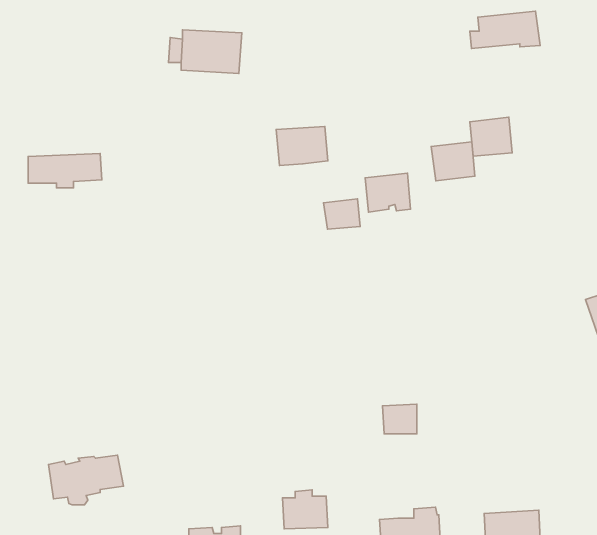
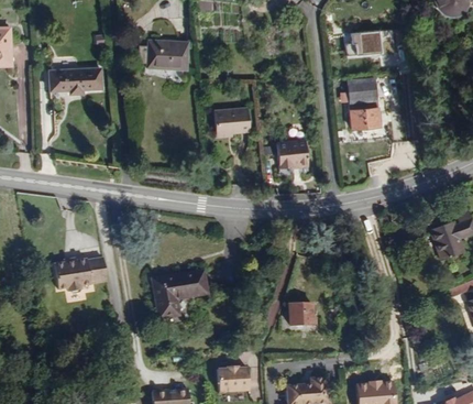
building: [431,142,475,181] -> [347,78,377,106]
building: [28,153,102,188] -> [50,70,101,95]
building: [323,199,360,229] -> none
building: none -> [157,265,213,313]
building: [49,455,124,505] -> [61,254,113,290]

